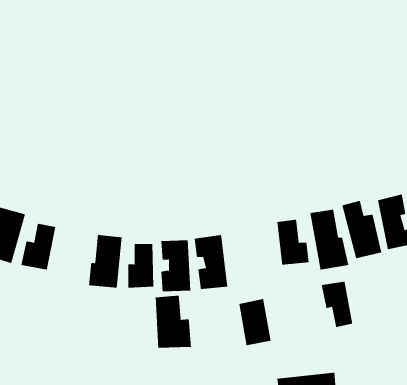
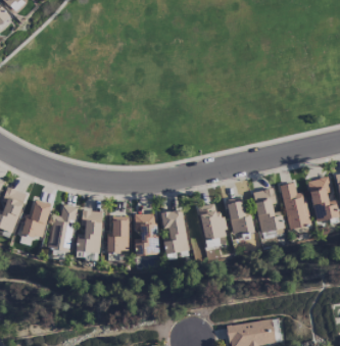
building: none -> [48,205,78,253]
building: [321,281,353,328] -> none
building: [155,295,191,349] -> none
building: [238,299,271,346] -> [198,203,225,241]

